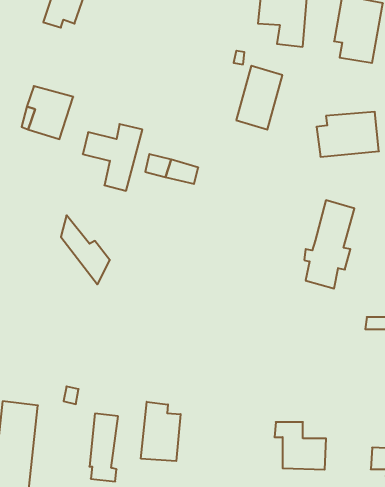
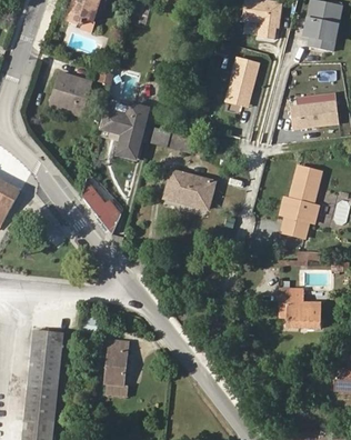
building: none -> [163,170,214,209]
building: [141,402,181,461] -> none
building: [274,422,326,470] -> [279,289,321,328]

